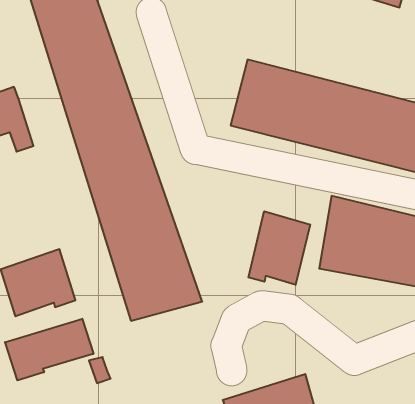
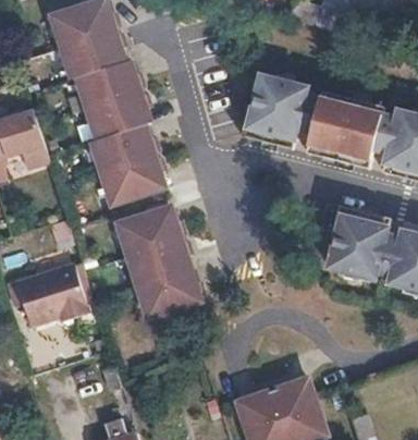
building: [248,211,310,285] -> none
building: [5,319,93,380] -> none

